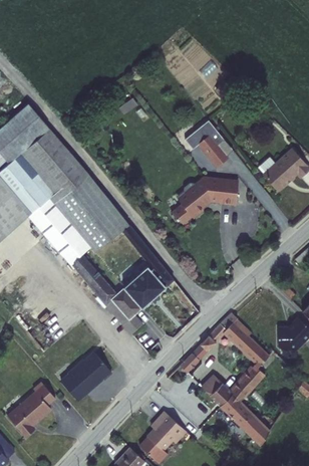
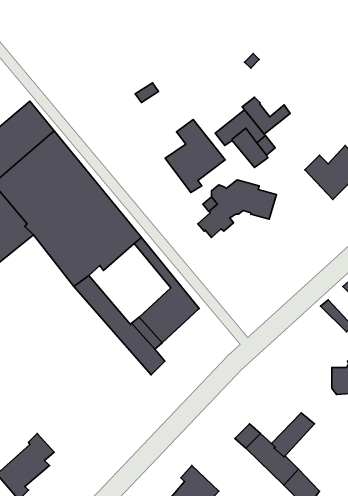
building: none -> [242,97,290,134]
building: none -> [165,119,225,193]
building: [178,313,272,374] -> none
building: [59,354,109,402] -> none

